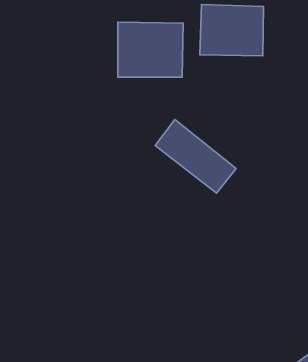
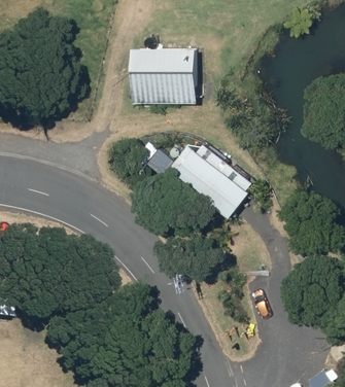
building: [200,5,263,56] -> none

